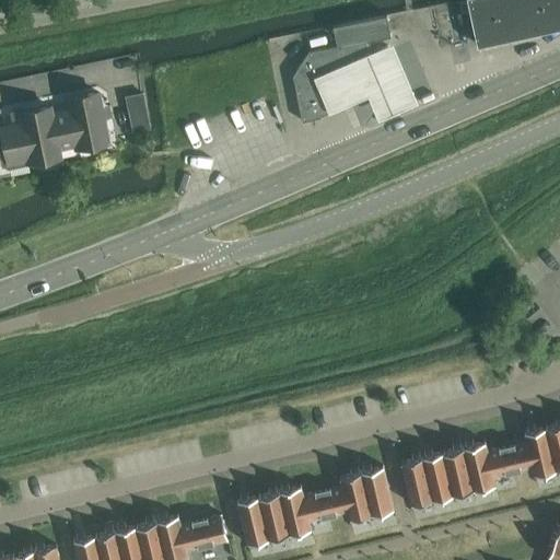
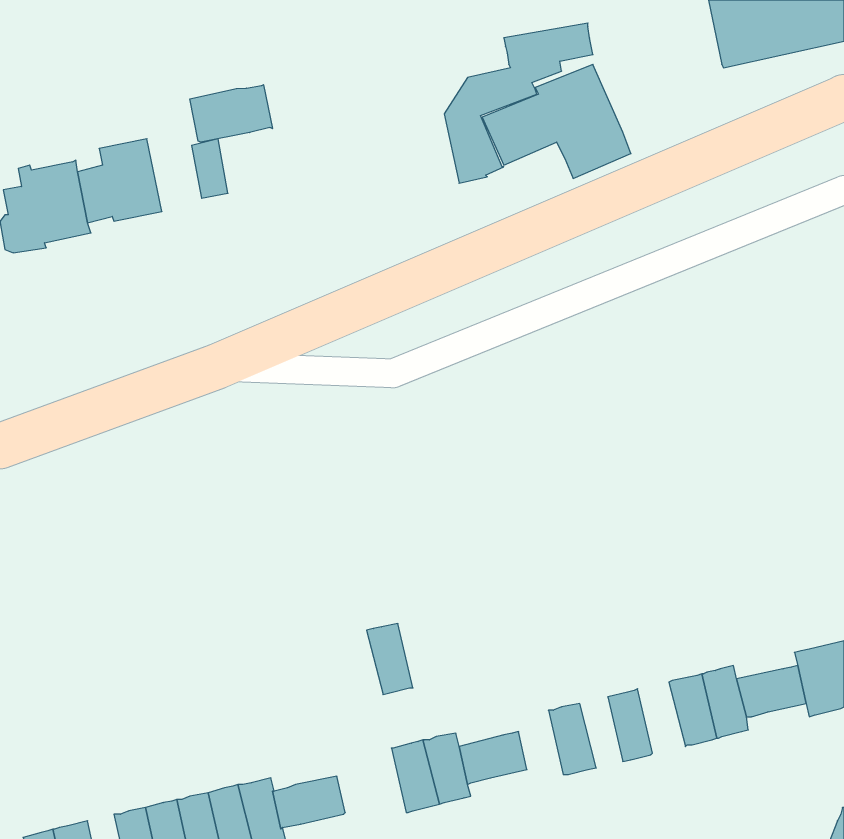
building: none -> [190,85,272,142]
building: [422,455,454,502] -> none
building: [341,474,373,522] -> none
building: [238,499,269,546] -> [367,624,413,695]

